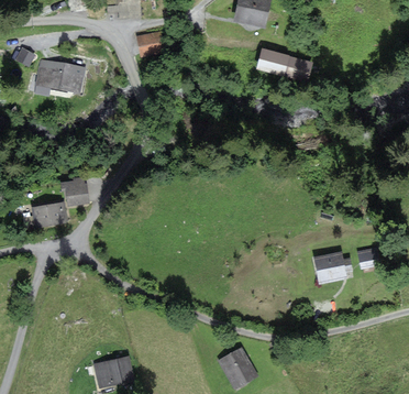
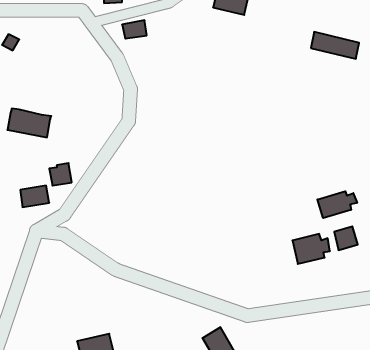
building: [259,51,309,78] -> [311,32,359,59]
building: [38,61,84,90] -> [7,109,51,137]
building: none -> [317,191,357,218]

